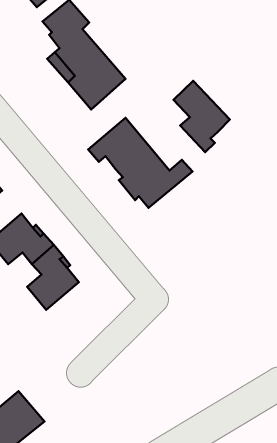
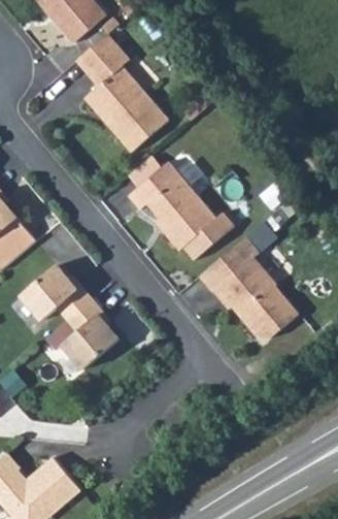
building: [174,81,230,152] -> none
building: none -> [198,222,298,337]

